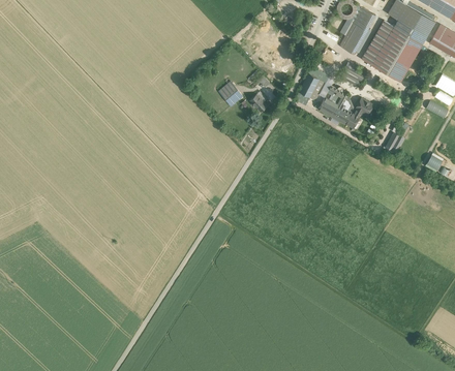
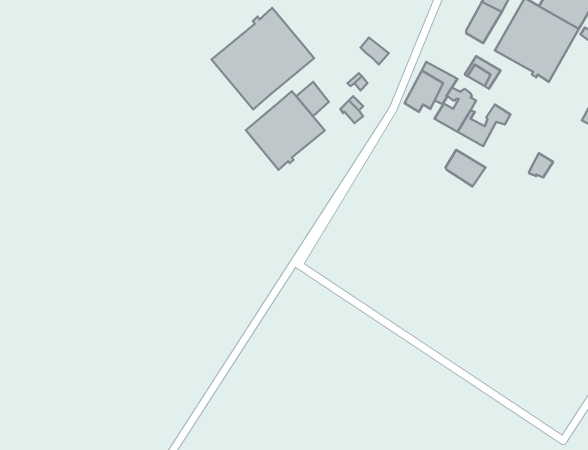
building: none -> [212,8,314,109]
building: none -> [246,91,325,170]
building: none -> [446,150,486,186]

